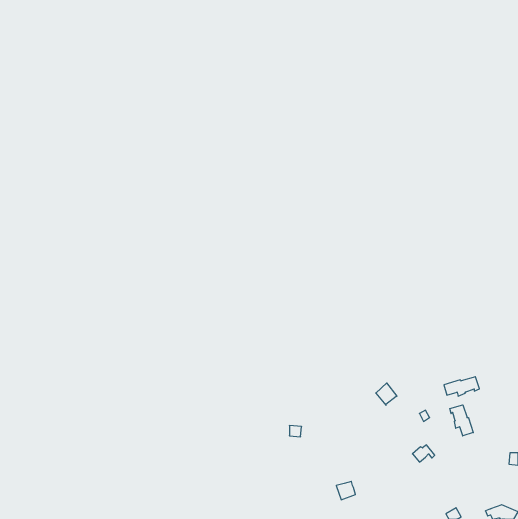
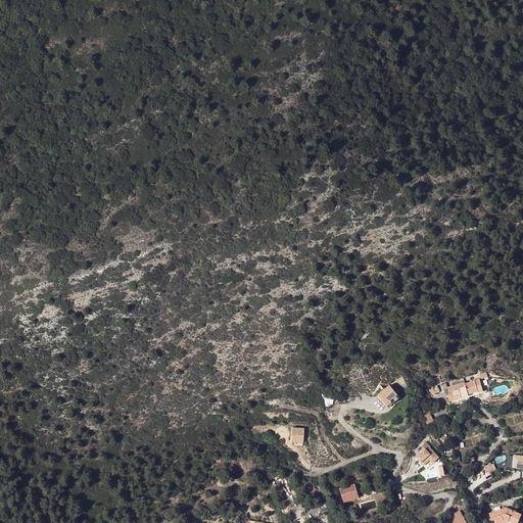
building: [450,405,473,436] -> none

